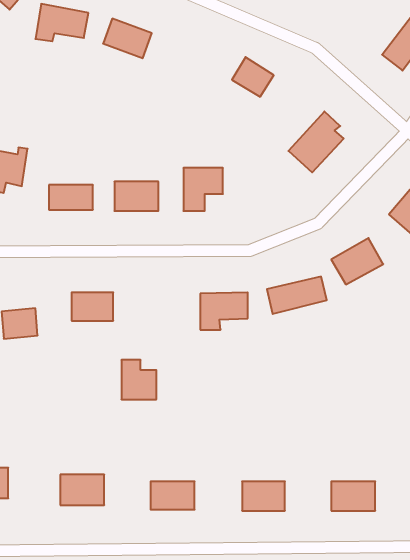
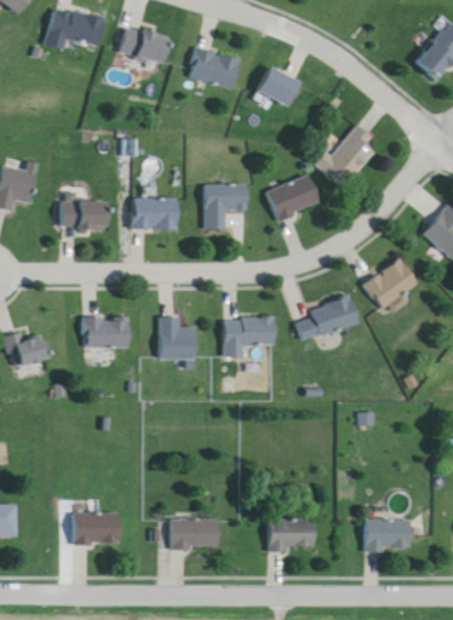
building: none -> [188,45,241,88]
building: none -> [266,173,322,220]
building: [121,360,156,399] -> [159,316,196,358]

